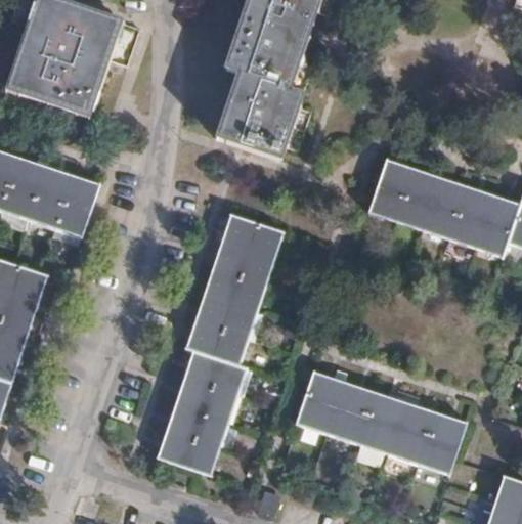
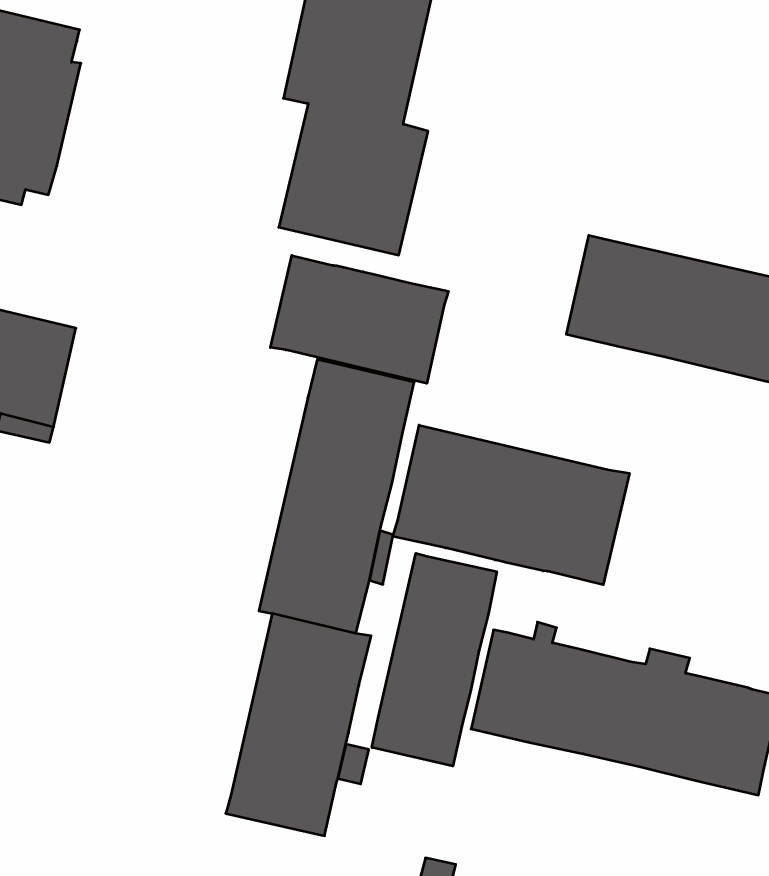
building: none -> [270,255,448,383]
building: none -> [393,425,629,585]
building: none -> [372,553,497,766]

